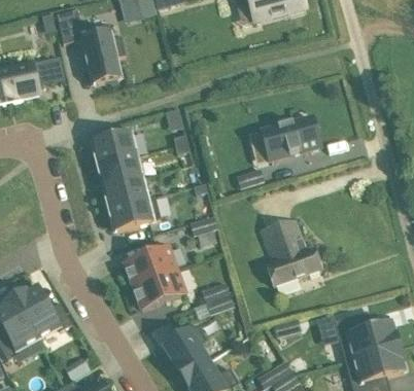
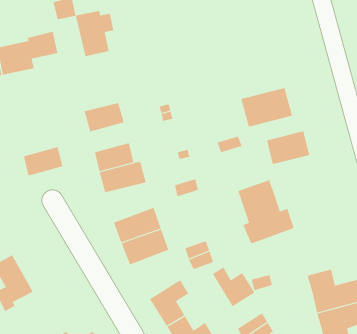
building: [99,154,142,186] -> [23,147,63,176]
building: none -> [266,130,310,165]
building: [15,285,72,337] -> none
building: none -> [212,266,255,307]

